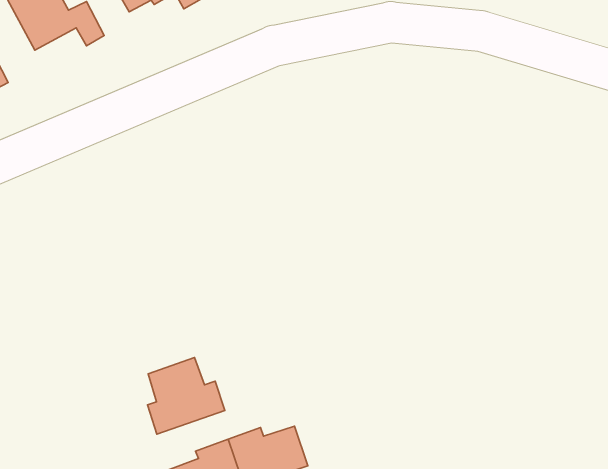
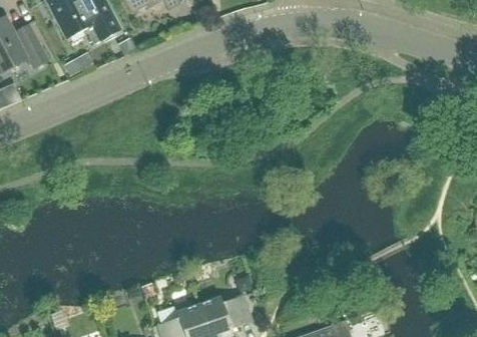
building: [147,358,225,434] -> none

